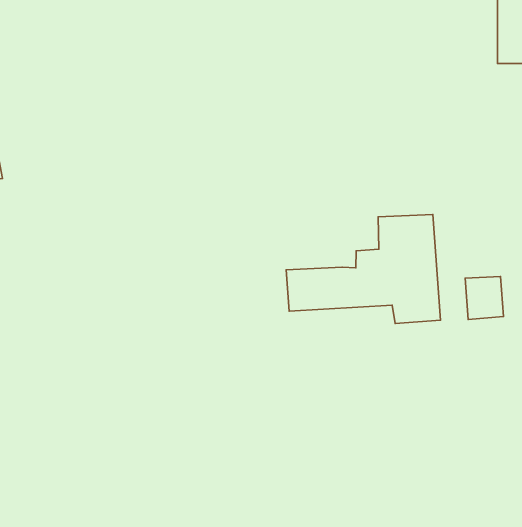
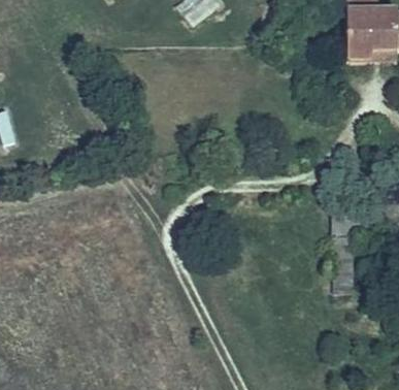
building: [286,214,441,323] -> none

